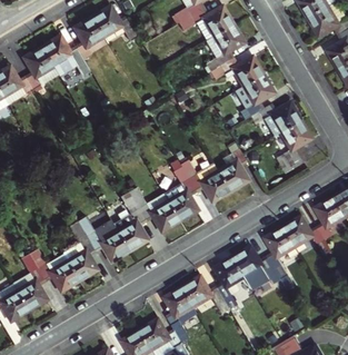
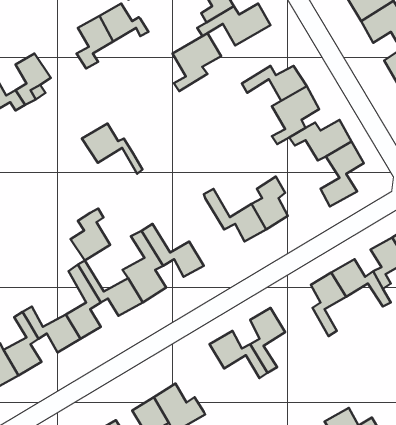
building: [203,23,243,71] -> [172,33,221,91]
building: [39,34,89,76] -> [82,124,143,174]
building: [162,166,197,221] -> none
building: none -> [70,209,110,260]
building: [232,245,280,284] -> none
building: [163,286,195,342] -> none

